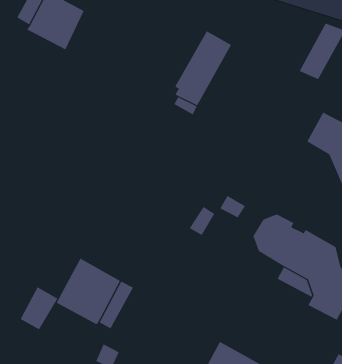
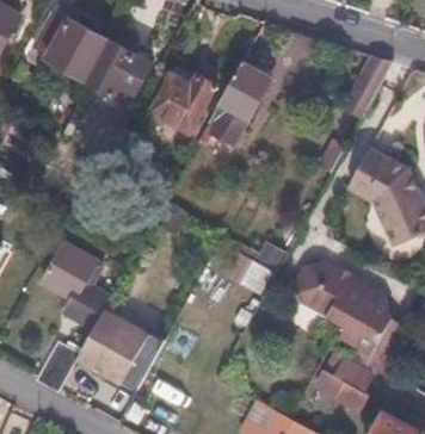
building: none -> [88,41,152,97]
building: none -> [150,74,216,131]
building: none -> [41,240,112,327]
building: none -> [314,358,370,410]

